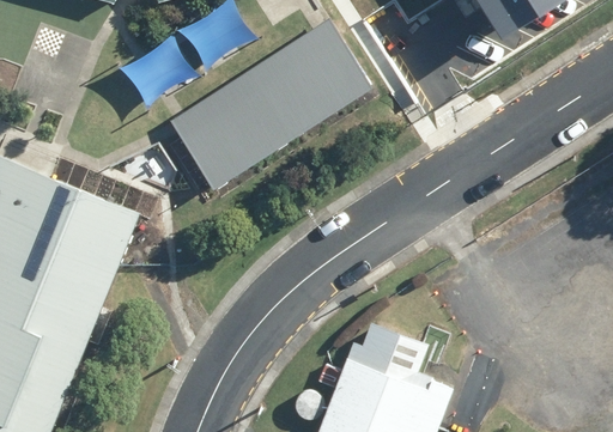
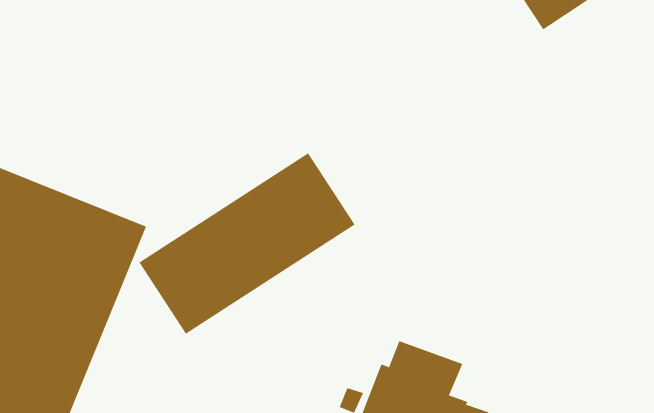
building: [168,19,366,185] -> [138,153,355,334]

